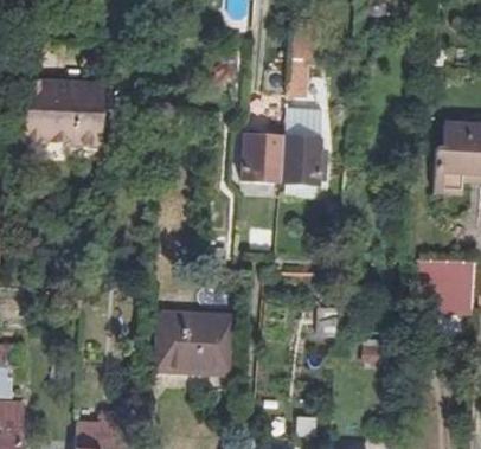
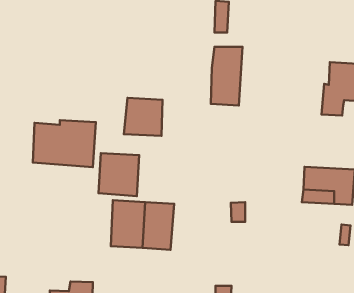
building: [20,85,103,147] -> [33,120,96,167]
building: [239,128,290,178] -> [124,98,162,136]
building: none -> [99,153,139,196]

